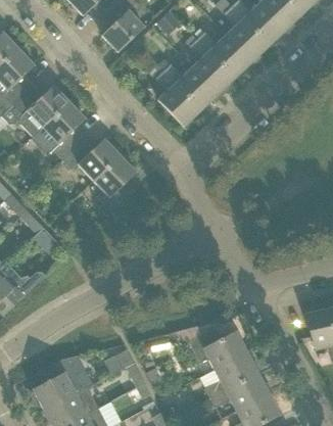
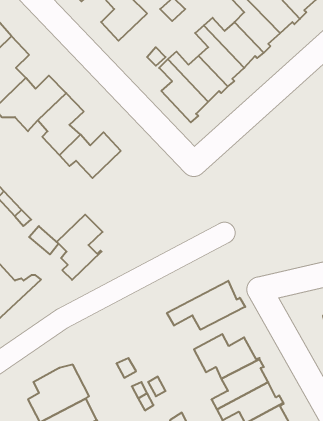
building: [93,155,136,217] -> [57,215,103,280]
building: none -> [167,281,245,330]

